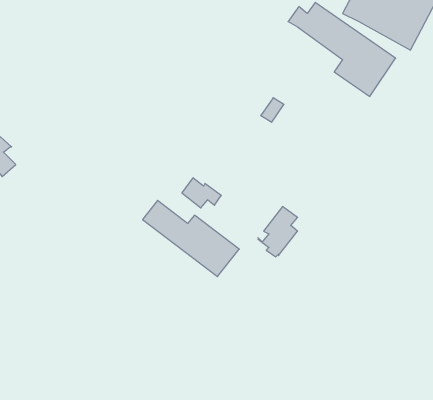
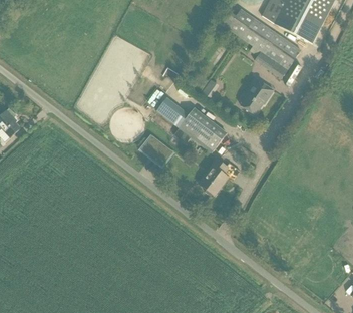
building: none -> [240,77,272,113]
building: [143,200,239,277] -> [154,95,226,151]

